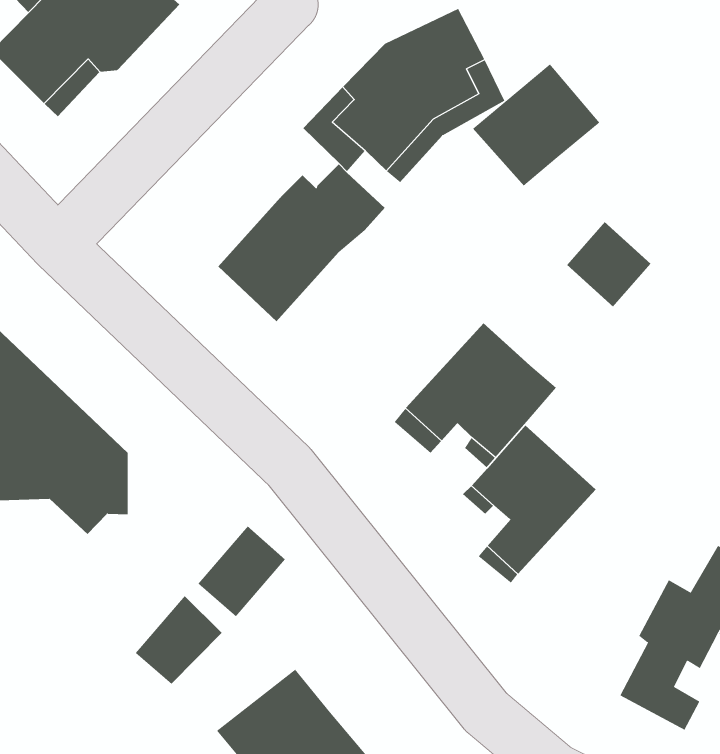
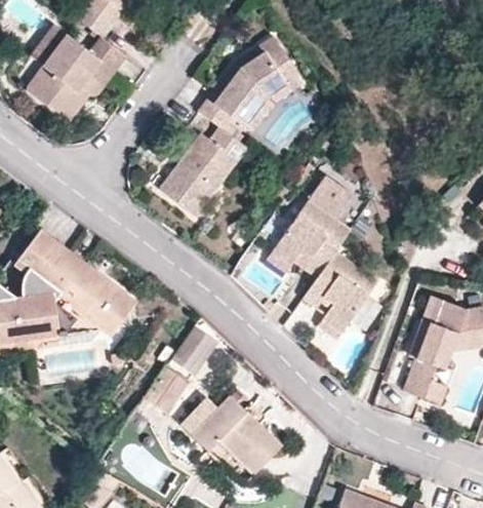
building: [472,63,600,187] -> none
building: [566,221,651,307] -> [308,174,353,220]

